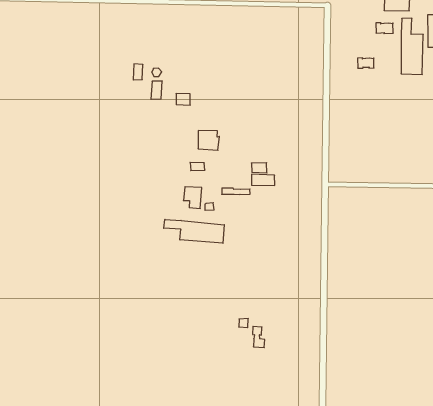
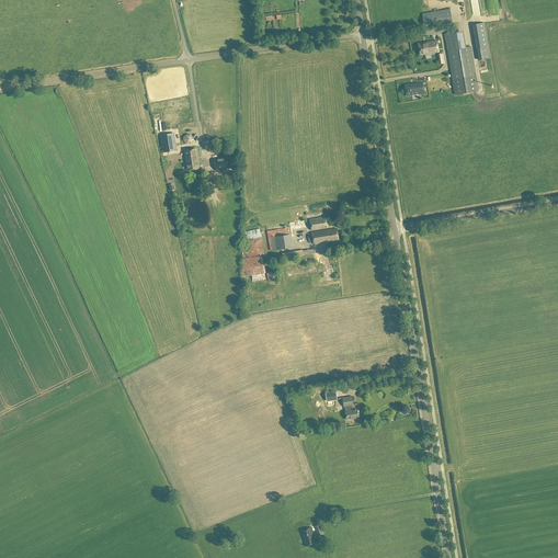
building: [198,131,219,150] -> [266,227,292,250]
building: [164,219,224,243] -> none

